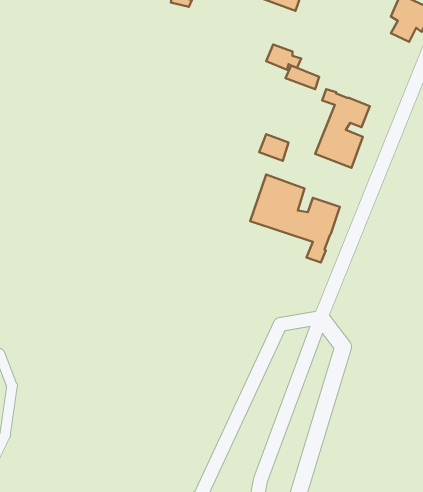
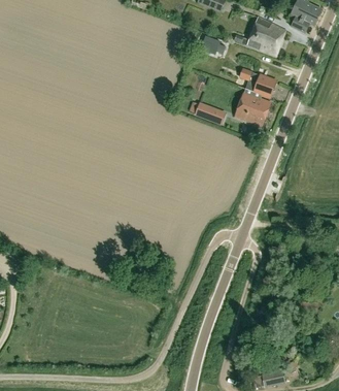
building: none -> [229,17,285,56]
building: [250,175,340,262] -> none

